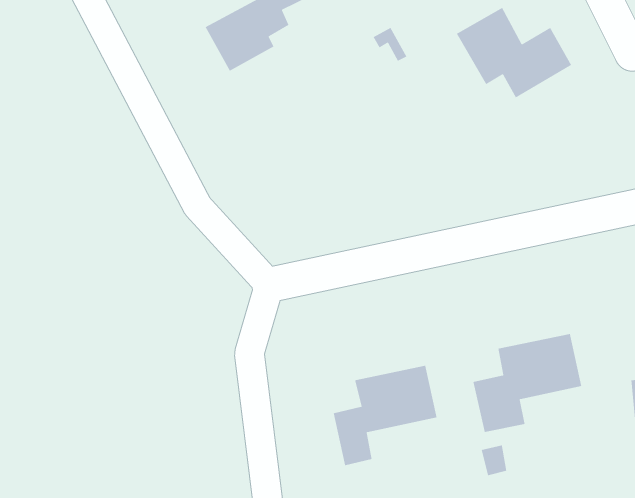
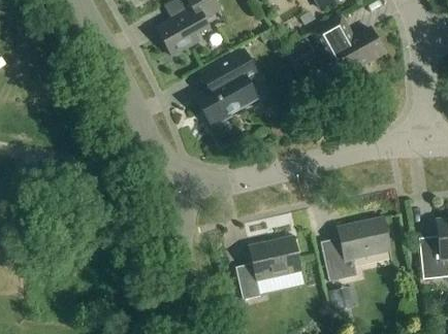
building: none -> [195,47,258,126]

